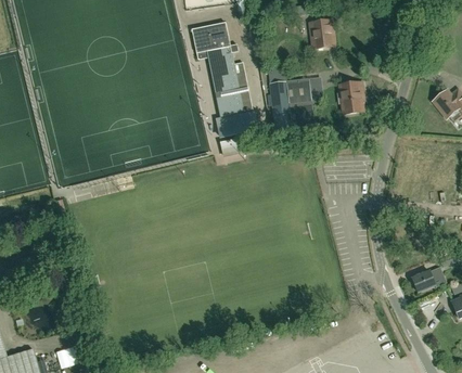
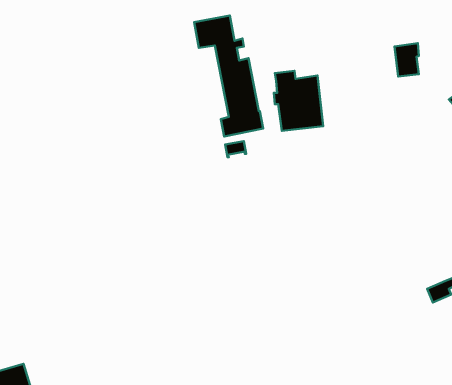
building: [309,20,334,48] -> none
building: [339,81,362,113] -> [395,43,419,76]

